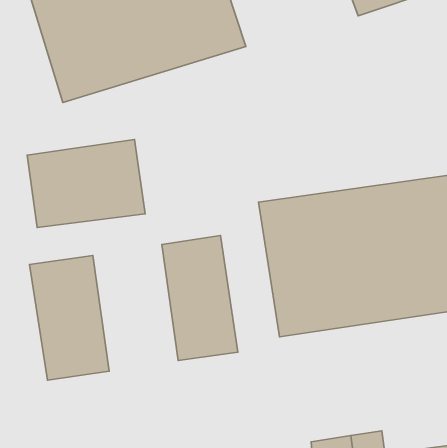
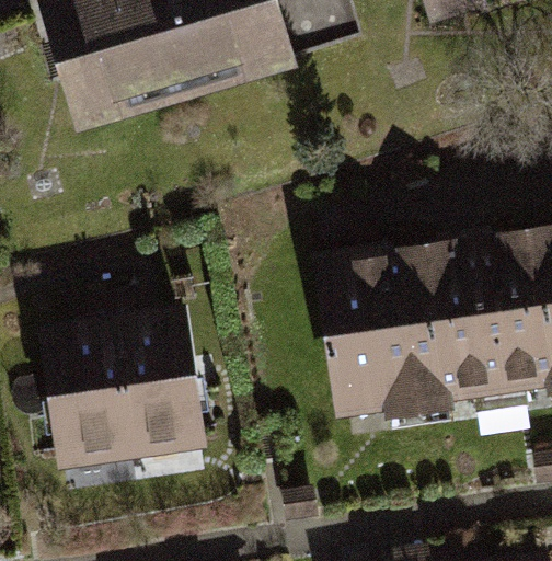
building: [27,140,145,227] -> none
building: [162,236,238,360] -> [116,307,208,458]

